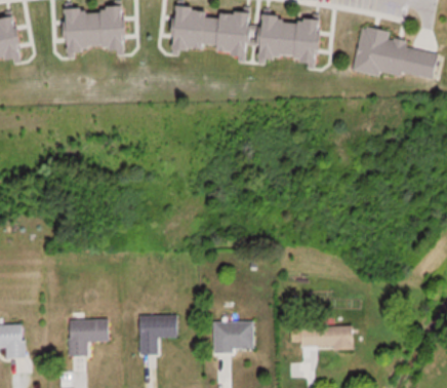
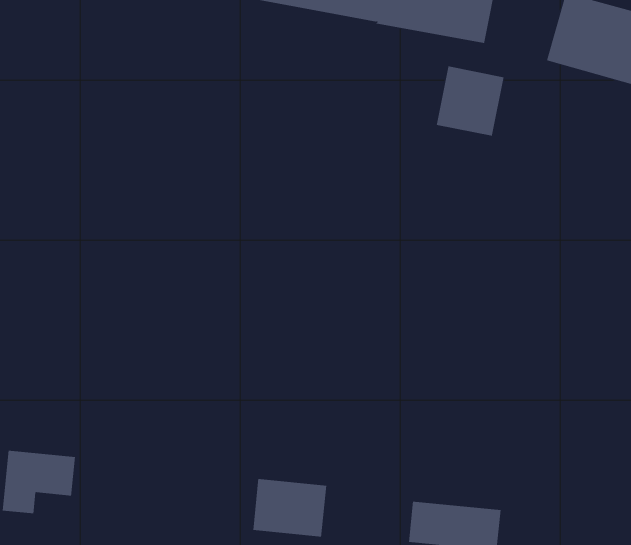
building: none -> [436,66,504,137]
building: [138,316,176,355] -> none

